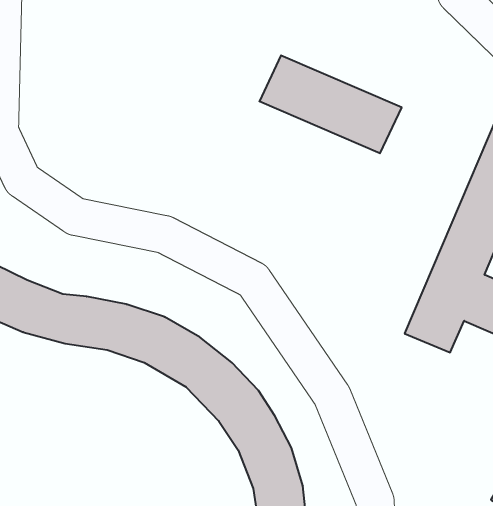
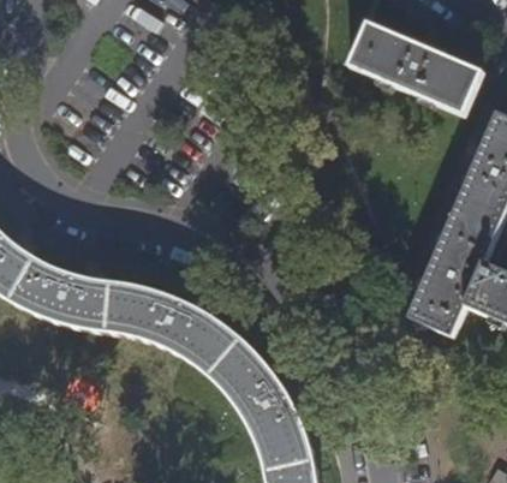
building: [259,55,402,153] -> [347,20,482,113]

